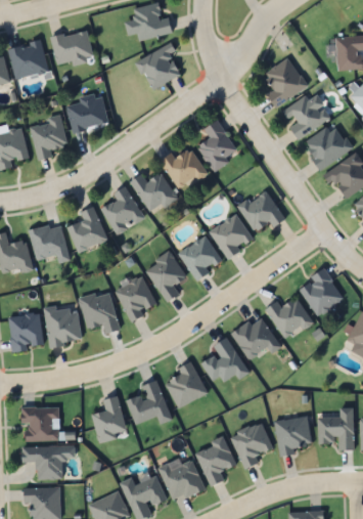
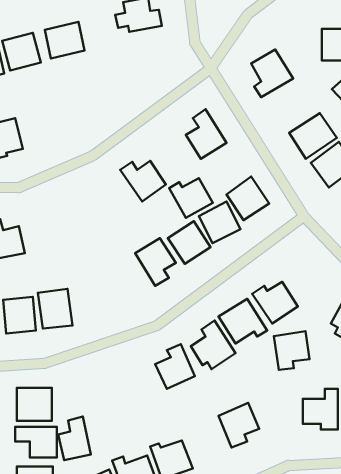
building: [136,43,180,89] -> none
building: [282,91,331,139] -> none
building: [66,94,108,132] -> none
building: [30,117,67,160] -> none
building: [162,148,207,189] -> [169,178,213,218]
building: [102,185,144,233] -> none
building: [67,206,107,252] -> none
building: [30,222,70,262] -> none
building: [299,269,344,315] -> none
building: [116,276,157,320] -> none
building: [80,291,120,333] -> none
building: [127,380,172,424] -> none
building: [93,395,127,440] -> [58,417,91,460]
building: [275,416,312,456] -> [274,331,310,370]
building: [194,437,236,485] -> none

